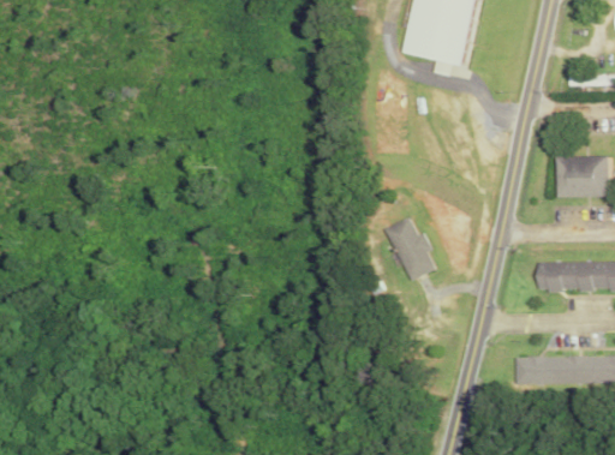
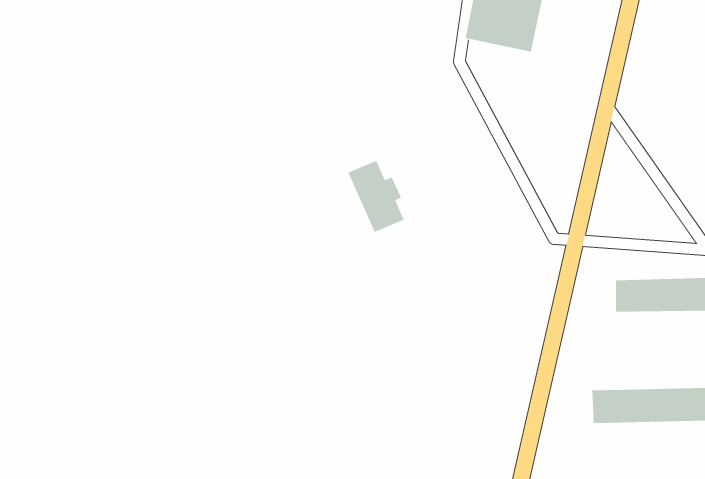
building: [554,155,607,197] -> none
building: [383,216,432,279] -> [348,160,405,232]

